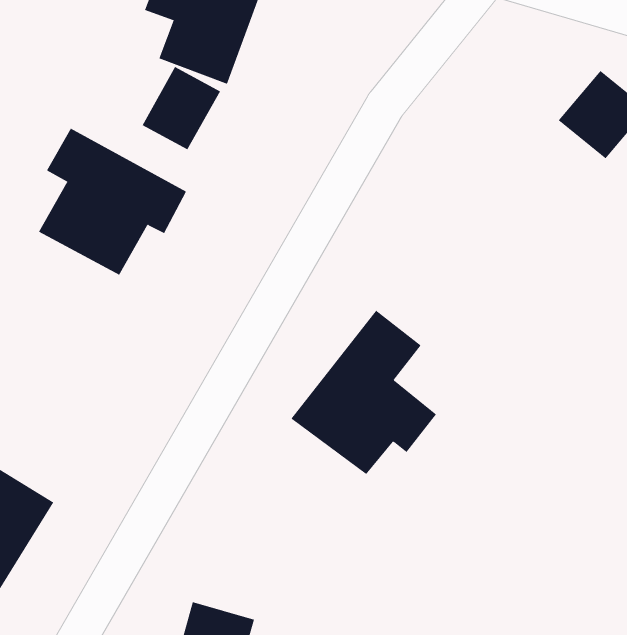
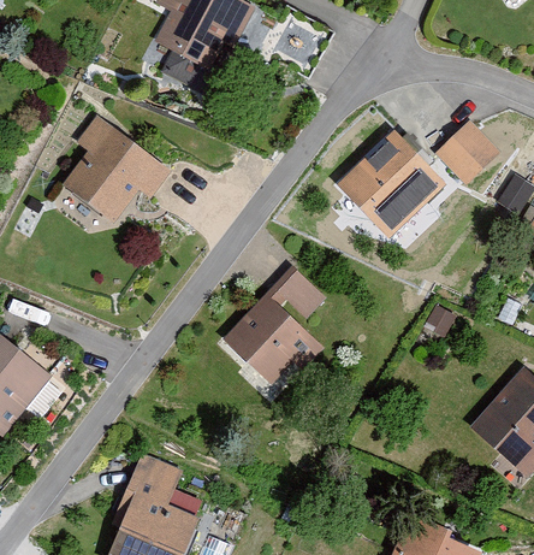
building: [142,66,221,150] -> none
building: none -> [334,130,444,240]

